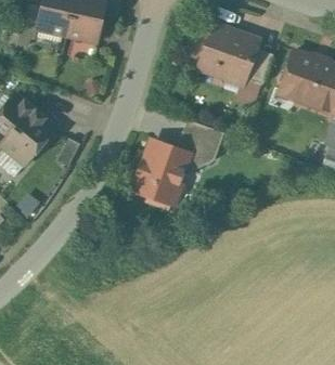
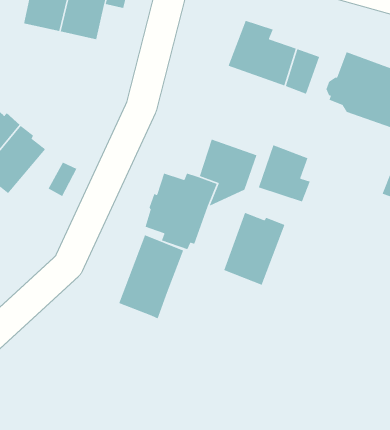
building: none -> [258,144,311,203]
building: none -> [223,212,285,286]
building: none -> [118,234,184,319]

